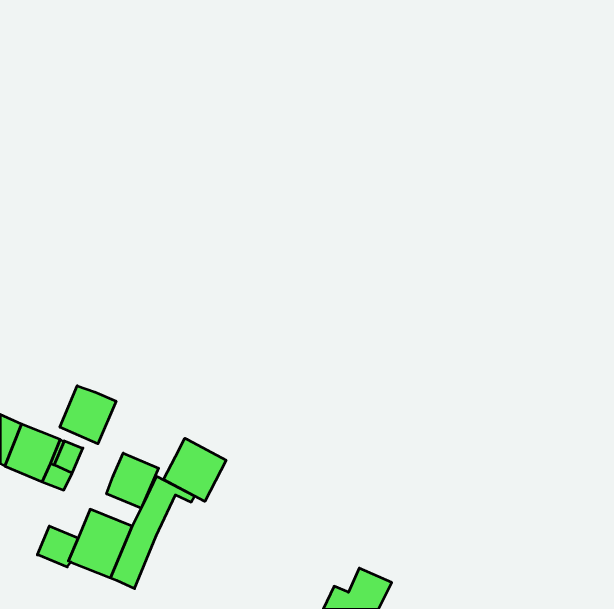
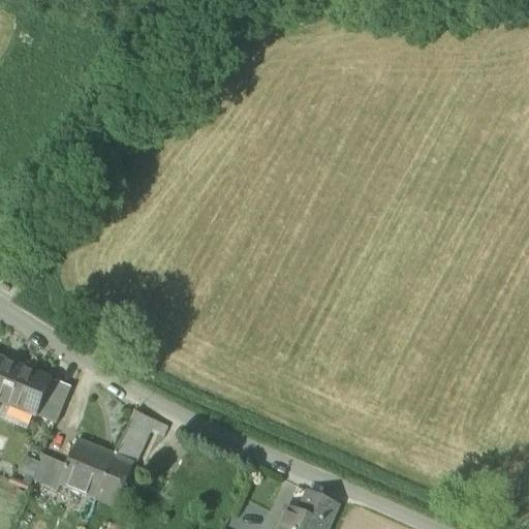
building: [60,386,116,444] -> none
building: [164,438,226,501] -> none
building: [107,453,159,508] -> none

